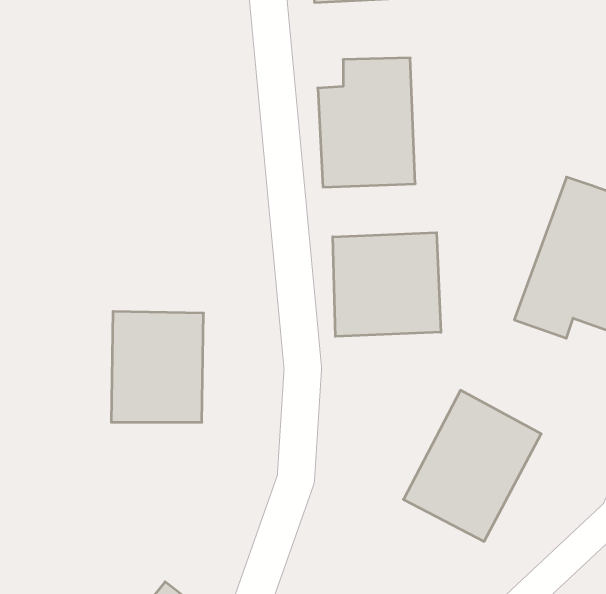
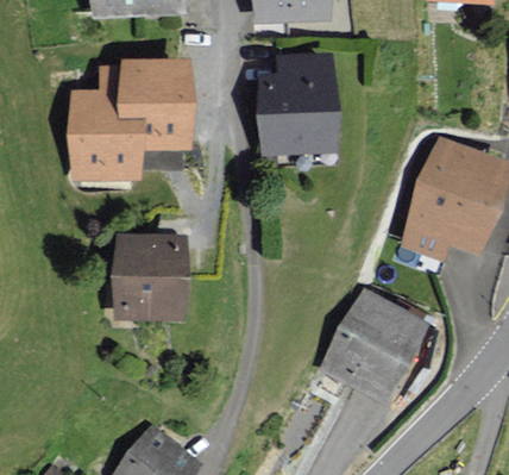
building: none -> [69,62,187,182]
building: [333,233,441,336] -> none

